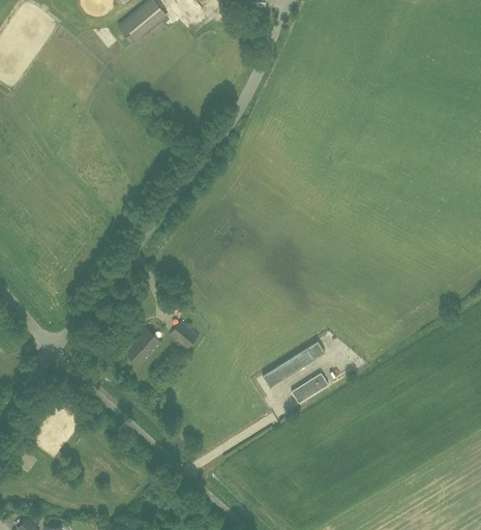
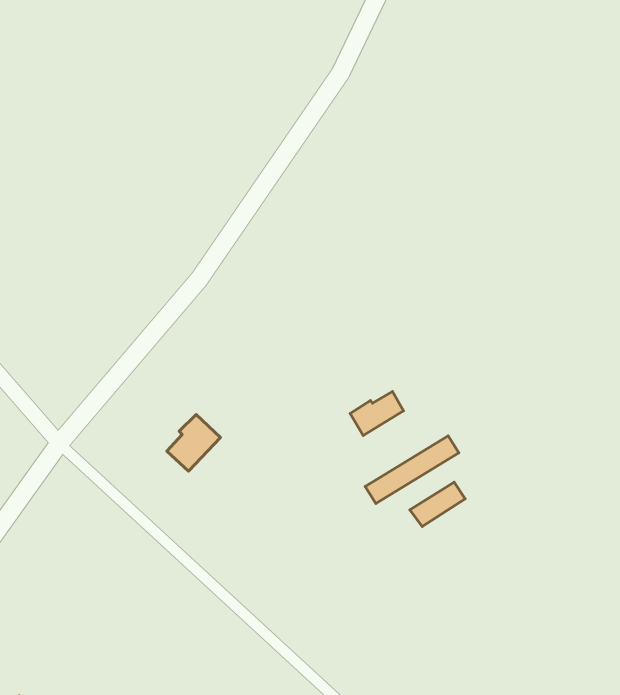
building: none -> [350,391,404,435]
building: [168,319,198,349] -> none

